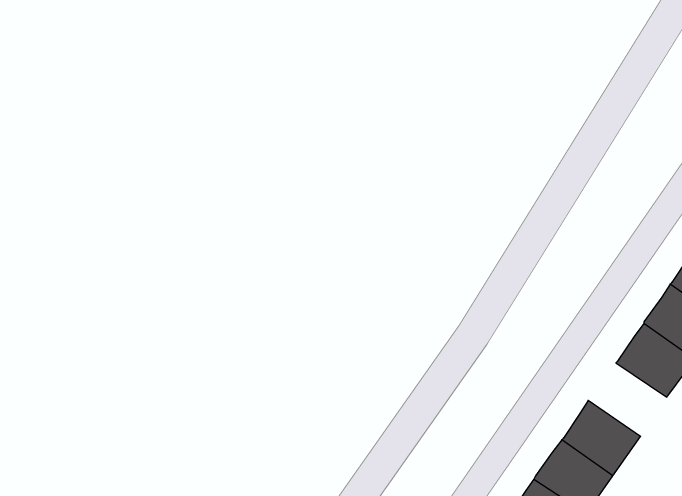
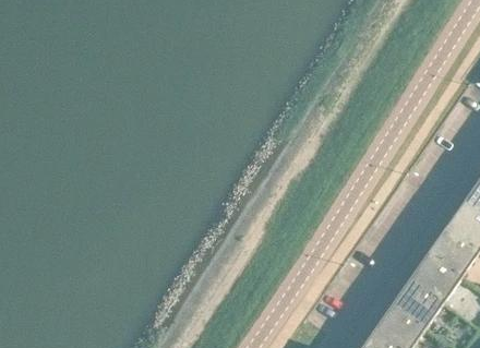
building: none -> [412,249,465,298]

